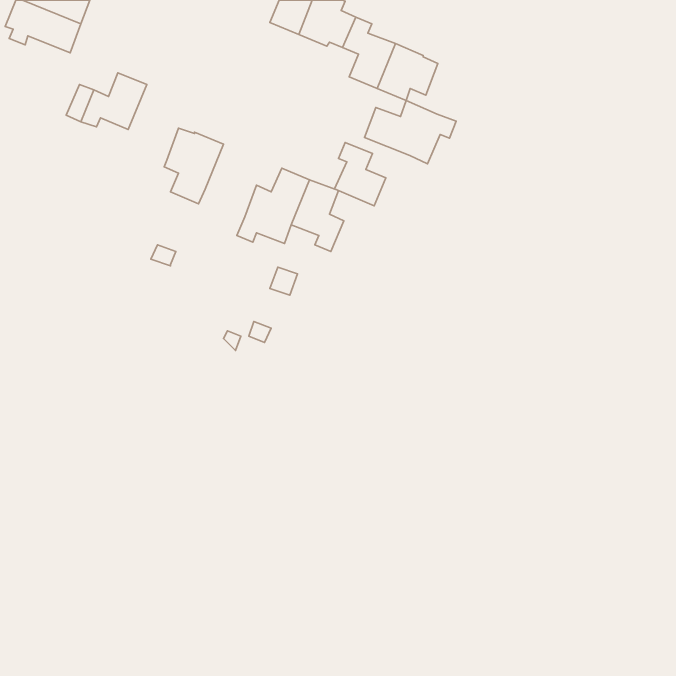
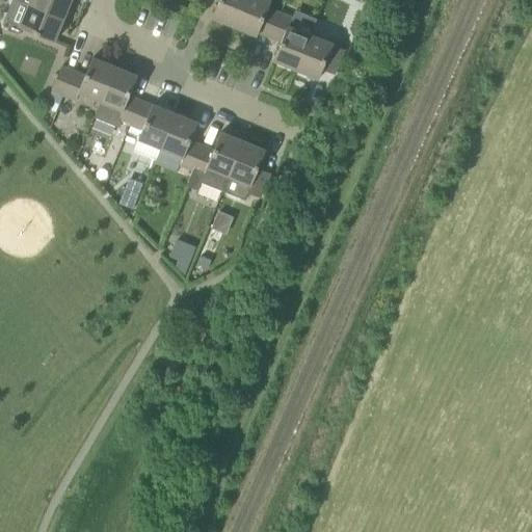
building: none -> [95,66,140,127]
building: [364,101,456,164] -> none
building: [335,143,386,206] -> none
building: none -> [161,113,202,170]

